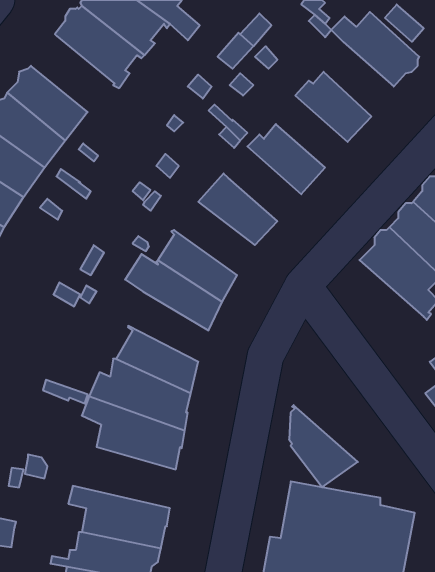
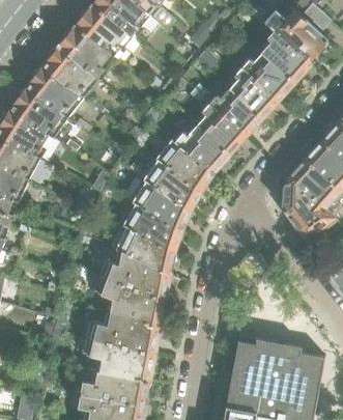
building: none -> [57,25,116,83]
building: none -> [261,29,312,81]
building: none -> [228,66,278,116]
building: none -> [195,102,246,153]
building: none -> [158,140,213,191]
building: none -> [125,202,181,251]
building: [289,405,358,487] -> [283,180,331,237]
building: none -> [87,310,159,353]

